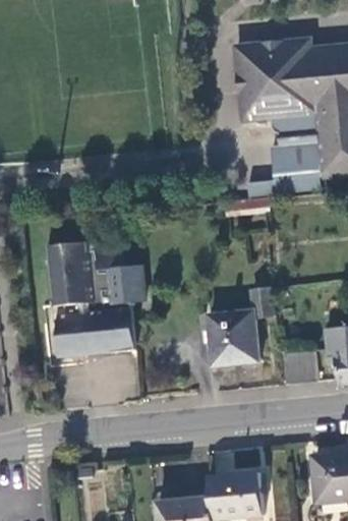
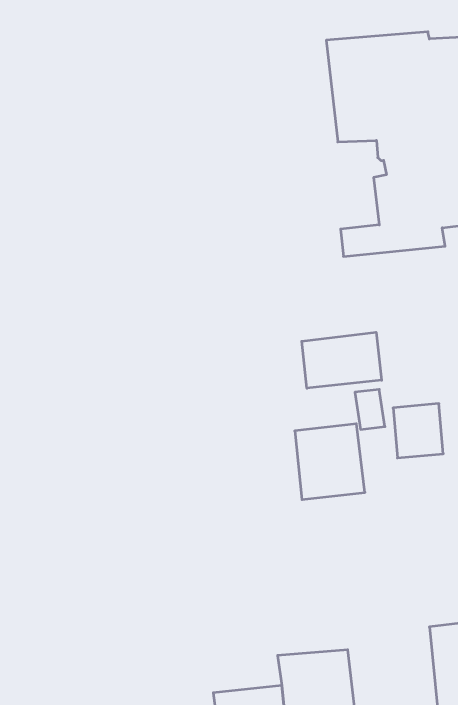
building: [46,240,147,356] -> none
building: none -> [302,332,382,388]
building: [283,347,318,386] -> [393,404,443,458]

